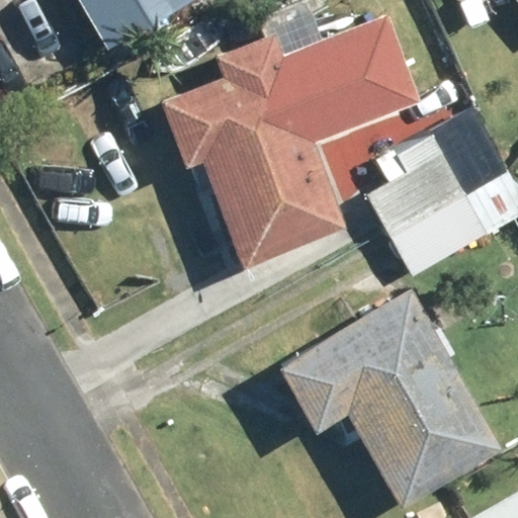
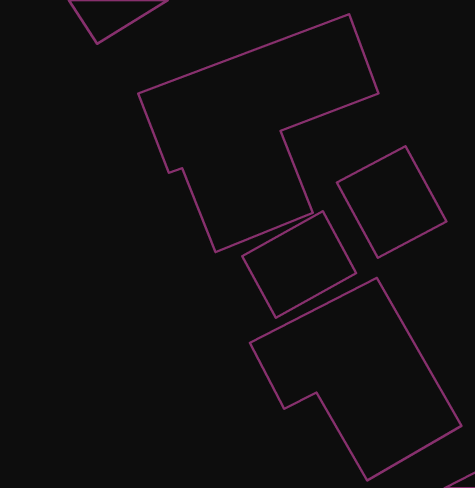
building: none -> [242,211,356,318]

